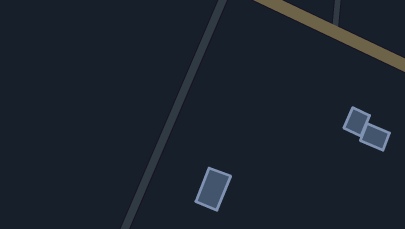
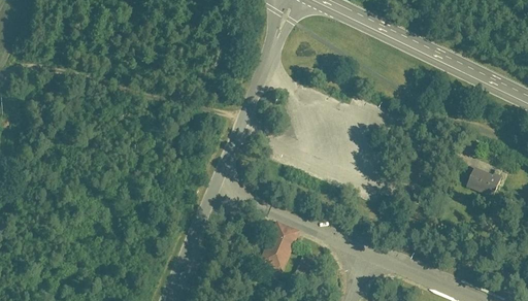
building: [344,108,370,136] -> none

